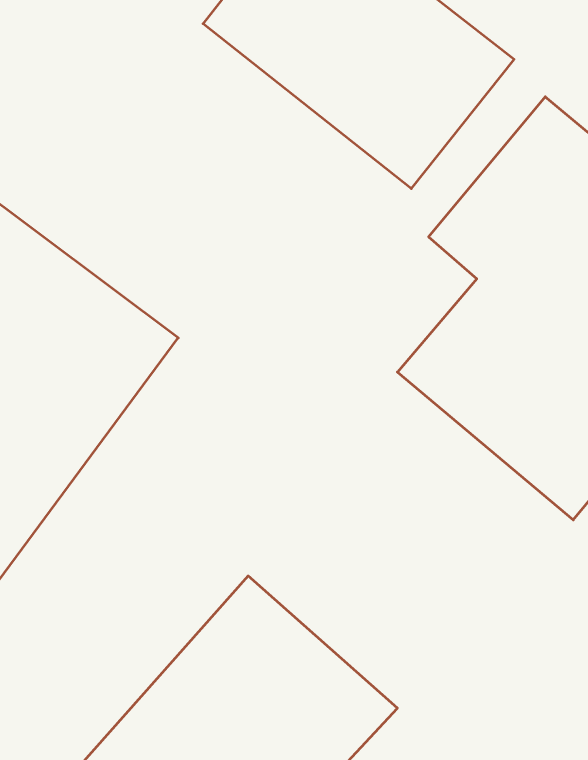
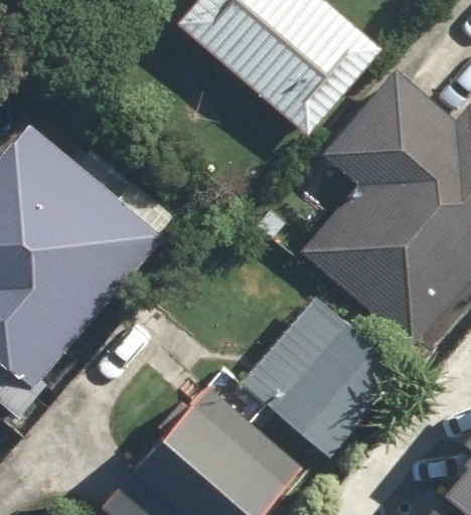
building: none -> [241,305,395,458]

